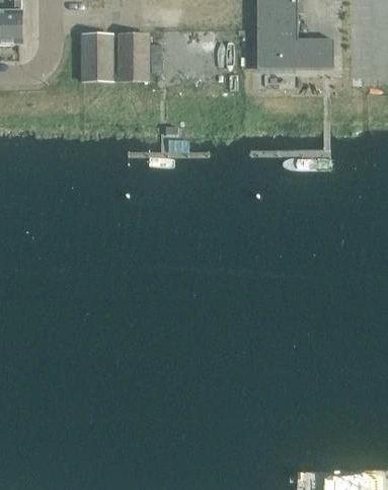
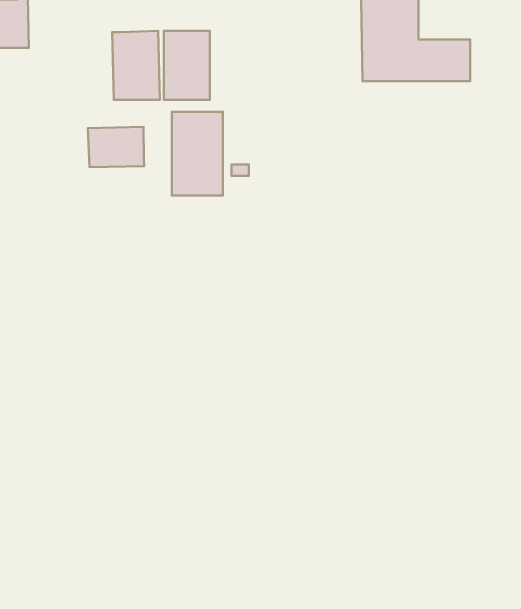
building: none -> [172,112,223,196]
building: none -> [88,127,144,167]

